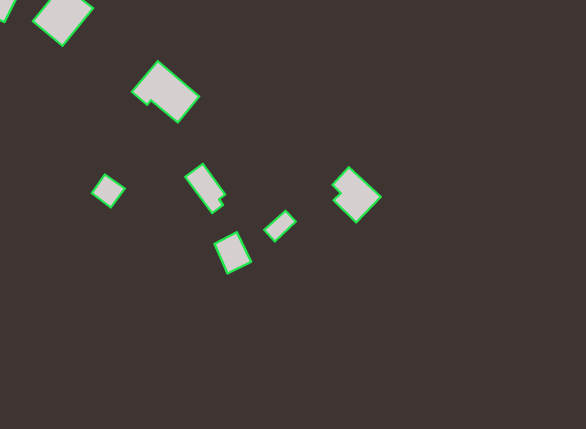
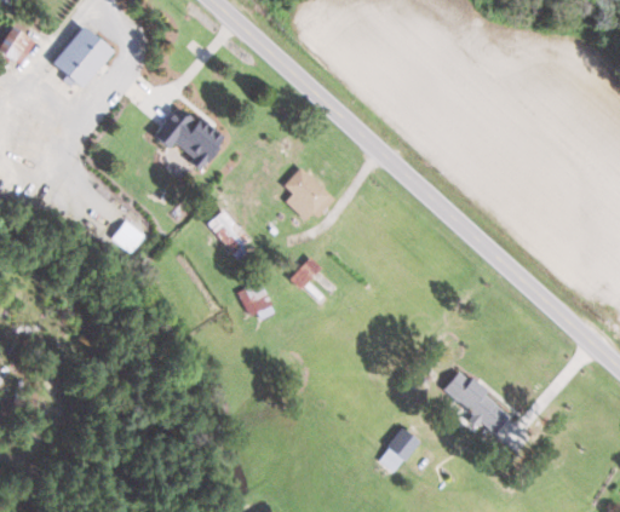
building: [332,167,381,223] -> [283,167,333,224]
building: none -> [442,370,510,433]
building: none -> [378,428,418,473]

